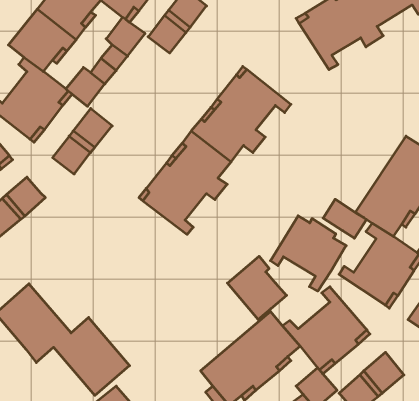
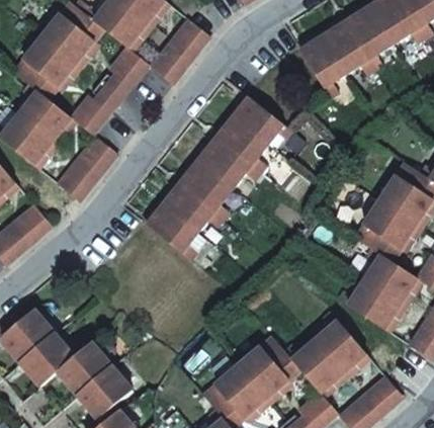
building: [323,199,366,238] -> none
building: [270,216,346,291] -> none
building: [227,256,287,320] -> none

